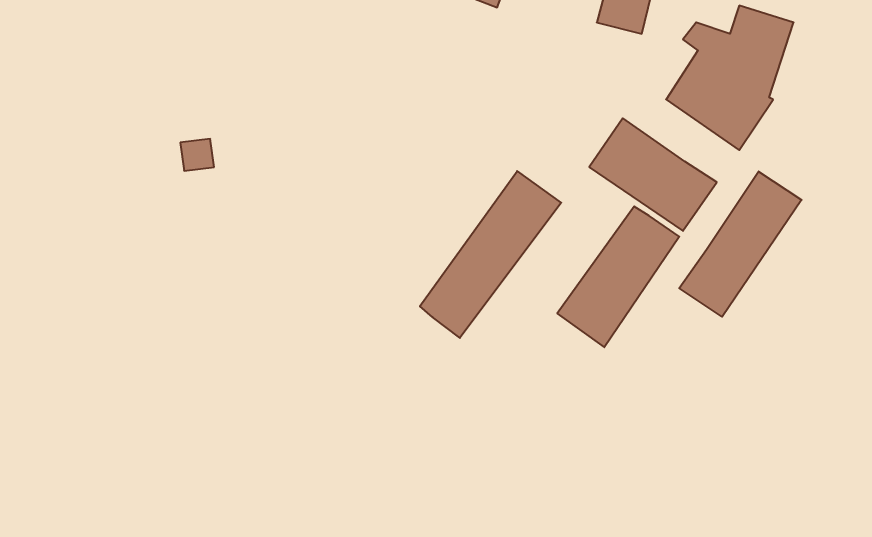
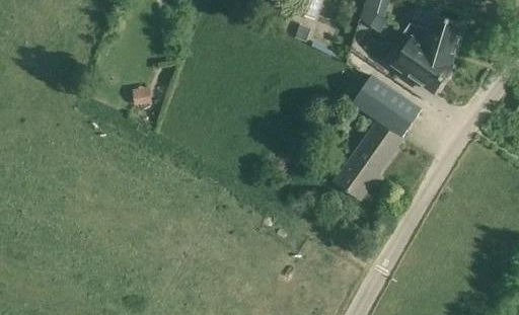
building: [420,171,561,338] -> none
building: [679,171,802,317] -> none

